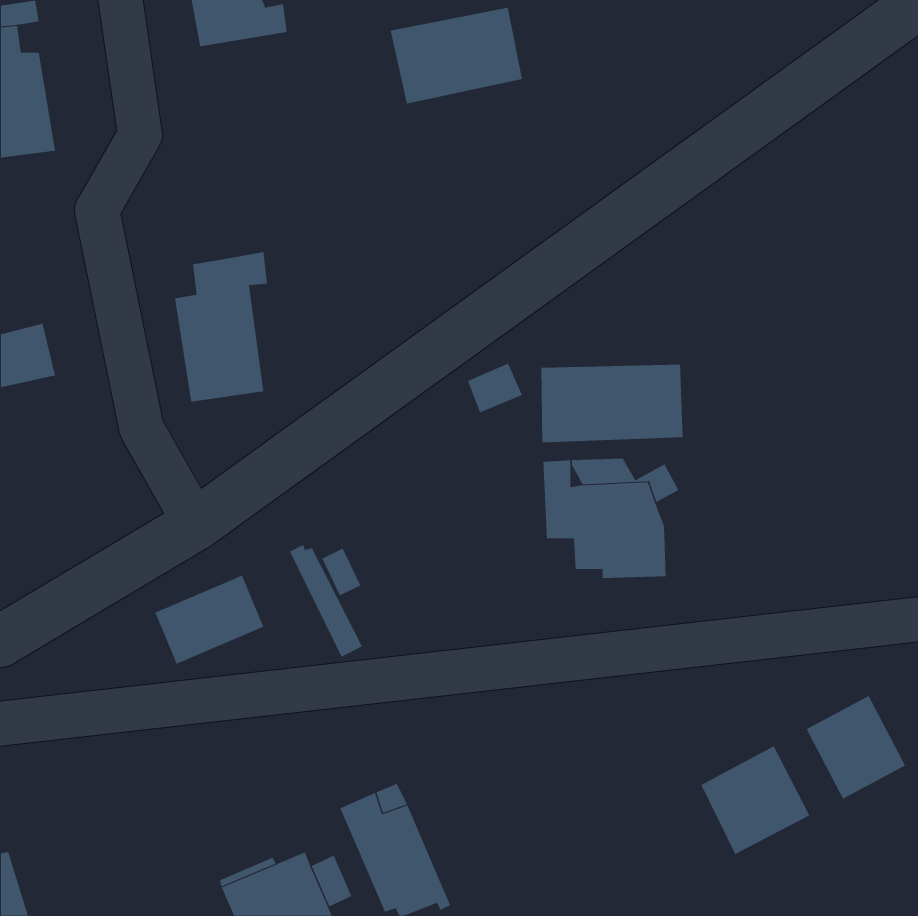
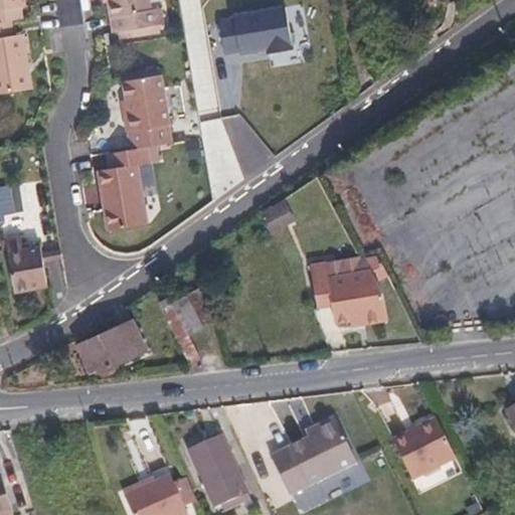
building: none -> [124,67,173,144]
building: [541,364,683,443] -> none
building: none -> [6,235,47,291]
building: [806,695,906,800] -> none
building: none -> [271,418,356,496]

